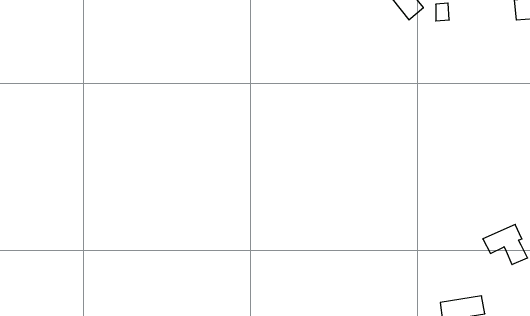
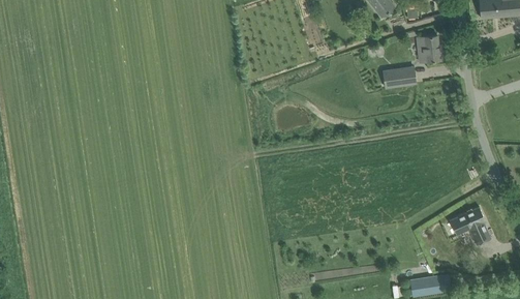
building: none -> [417,36,442,63]
building: none -> [383,67,417,88]

